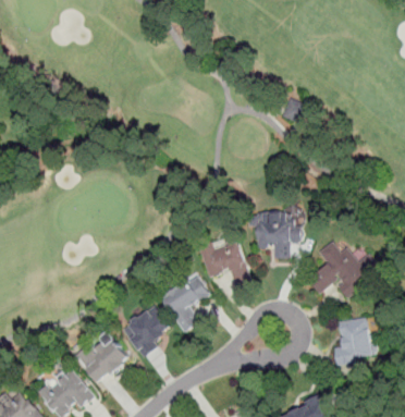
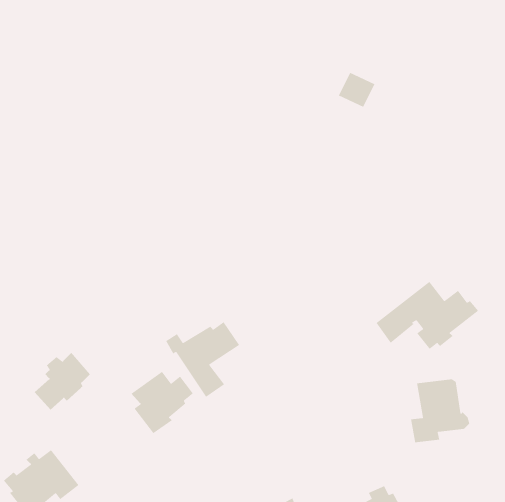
building: [259,213,304,258] -> none
building: [195,233,250,286] -> none
building: [84,338,125,380] -> [34,352,91,410]

